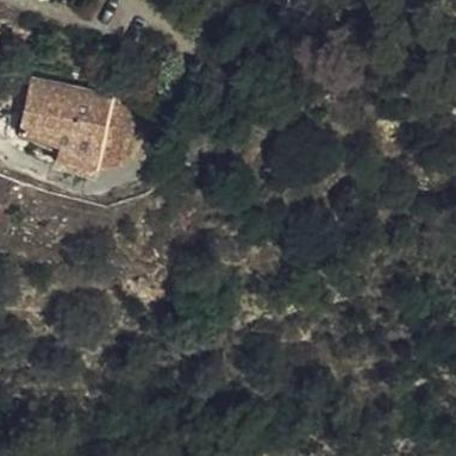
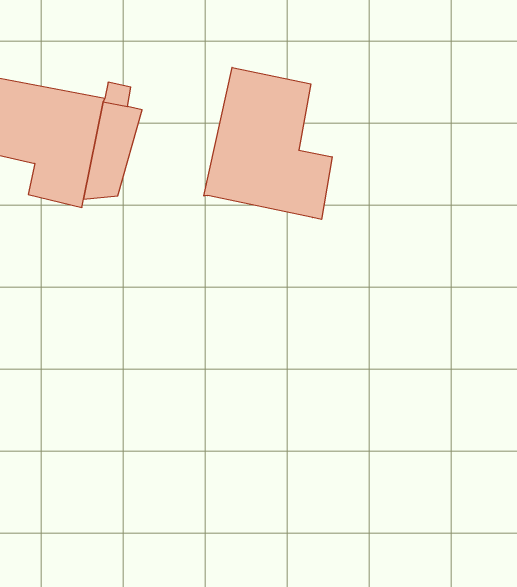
building: none -> [204,67,332,219]

